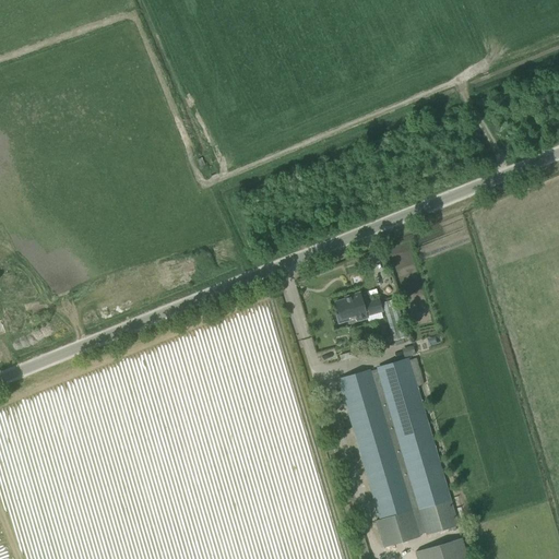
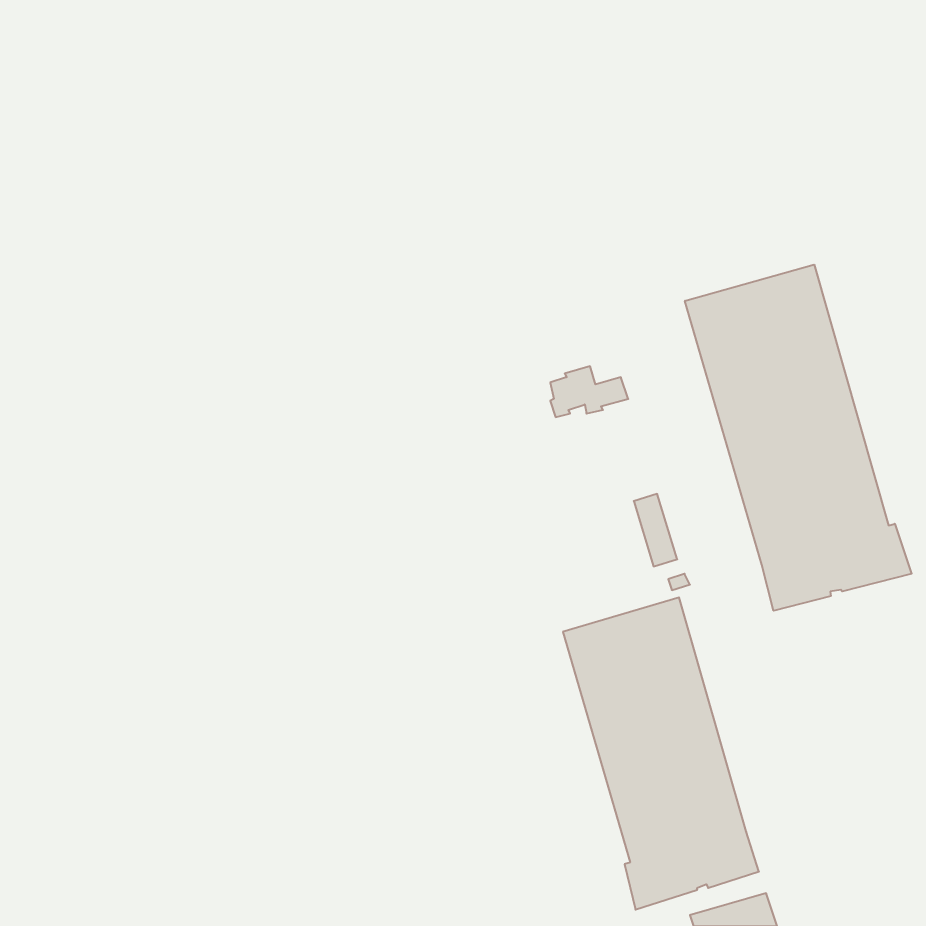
building: none -> [685,265,912,611]
building: [336,292,383,322] -> [550,366,628,417]

